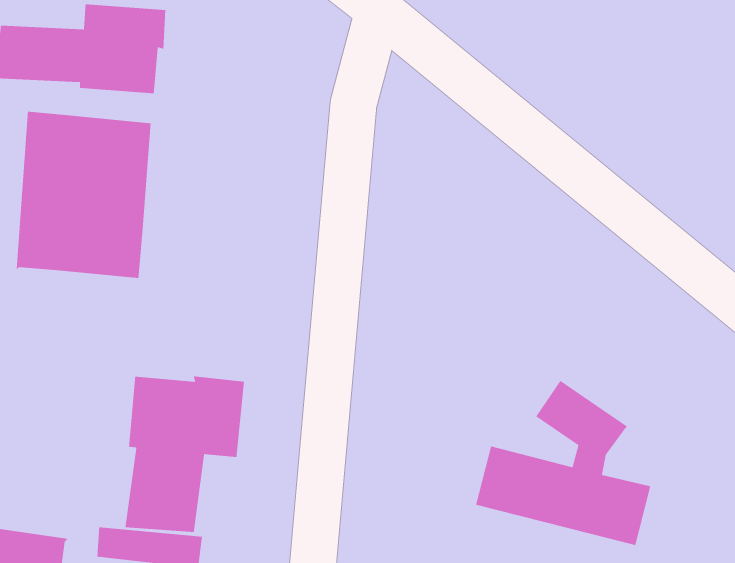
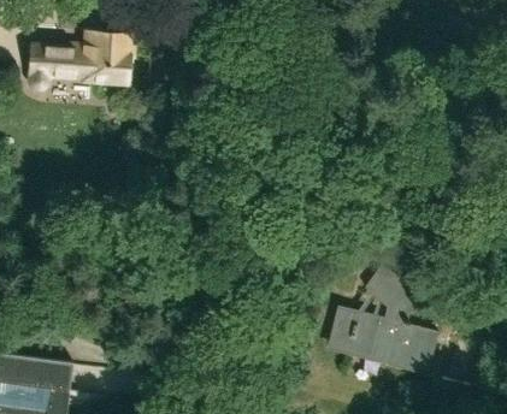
building: [16,111,152,279] -> none
building: [125,375,245,533] -> none

